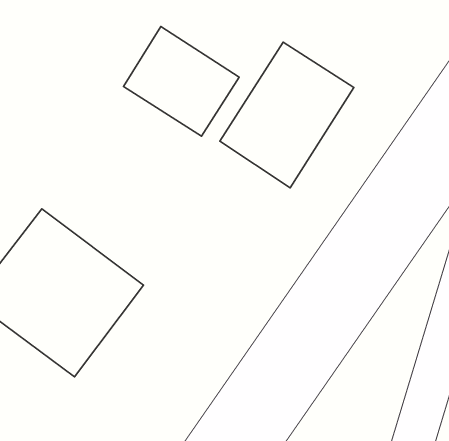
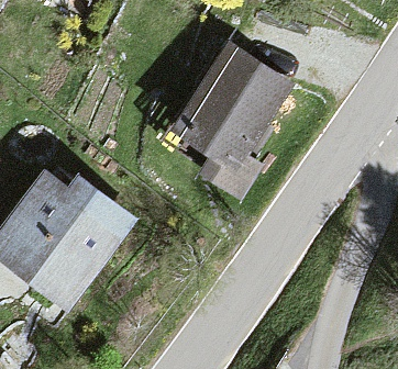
building: [124,27,239,136] -> none

